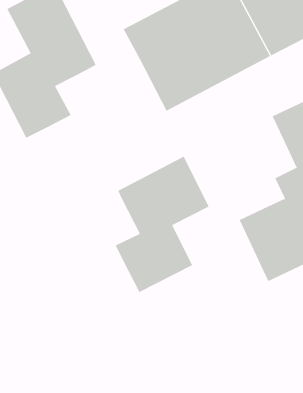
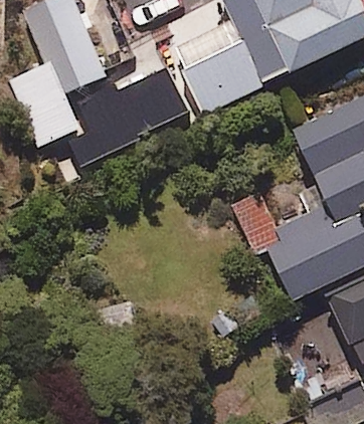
building: none -> [60,70,184,178]
building: [115,156,210,293] -> none

